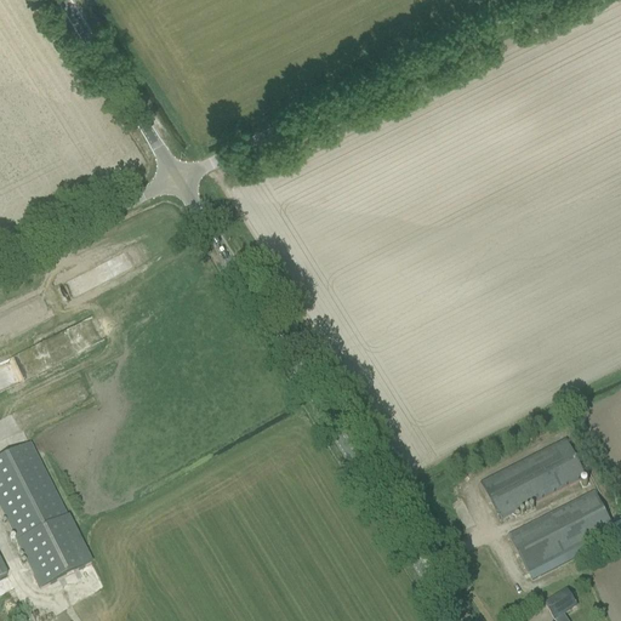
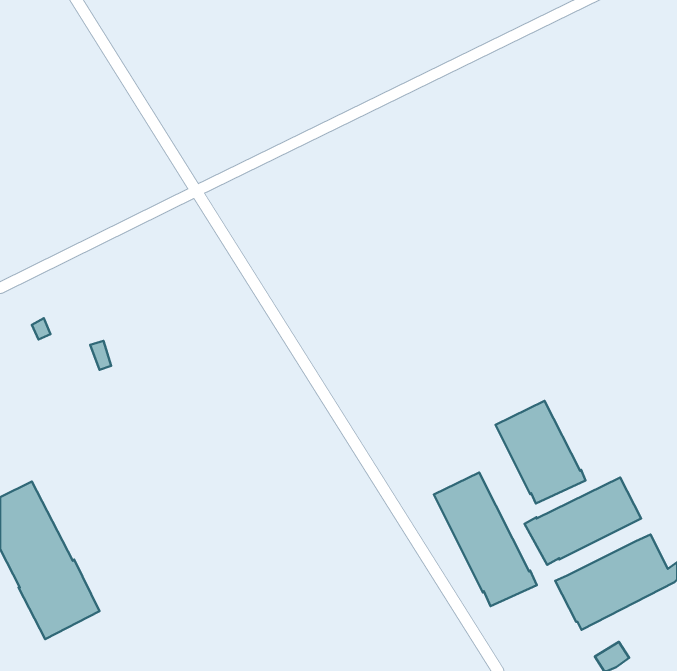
building: none -> [496,401,586,504]
building: none -> [434,473,537,606]

